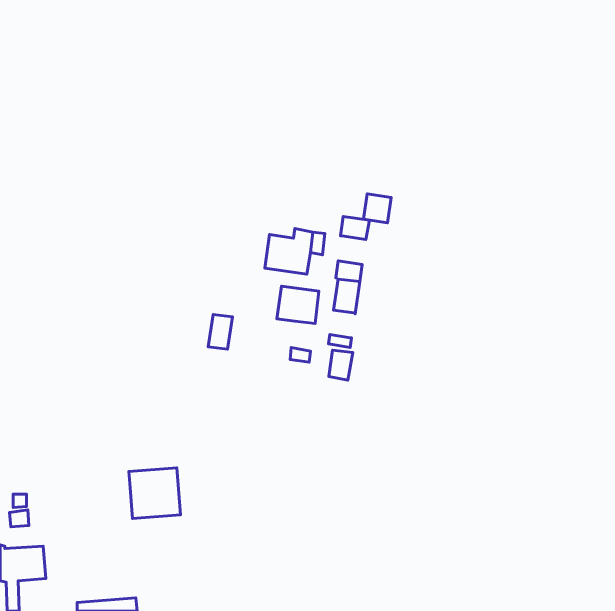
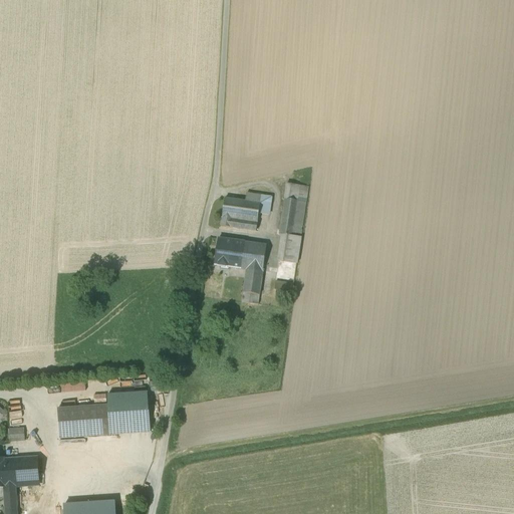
building: [364,194,391,223] -> [282,197,305,221]
building: [208,314,232,349] -> [215,237,235,266]
building: [329,350,353,380] -> [243,268,263,293]
building: none -> [57,404,110,437]

